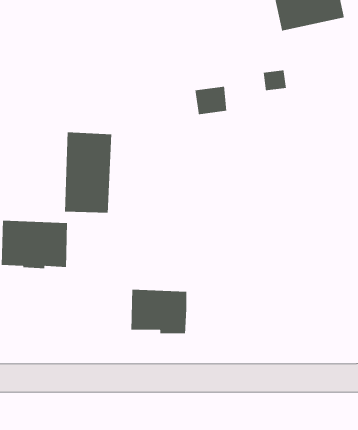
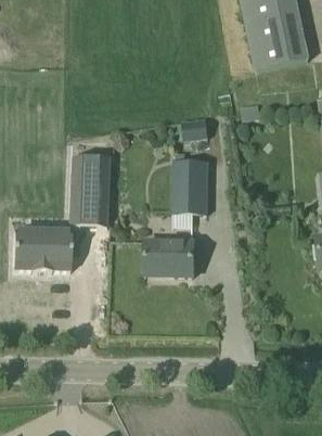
building: none -> [170,158,208,214]
building: [130,289,187,334] -> [144,236,193,275]

